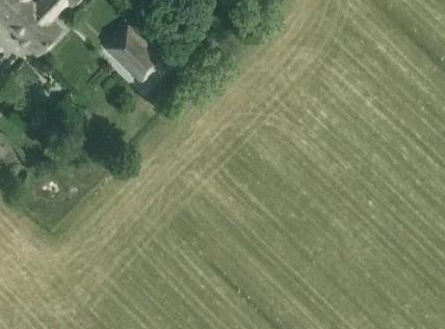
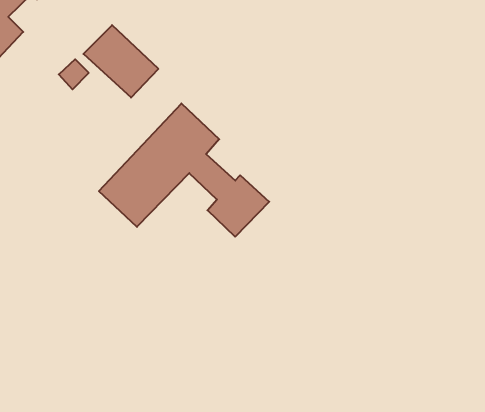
building: none -> [99,103,269,237]

